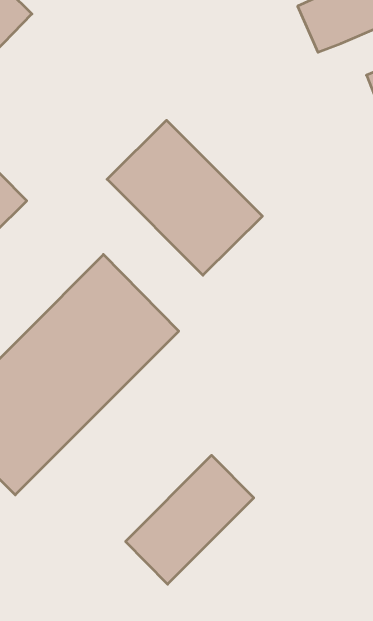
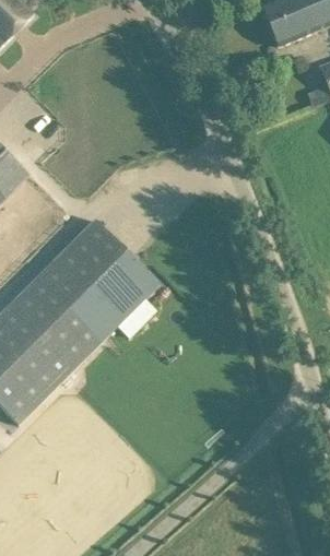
building: [107,120,262,275] -> none
building: [126,455,254,584] -> none

